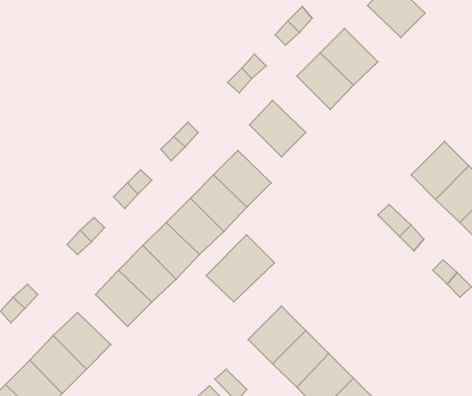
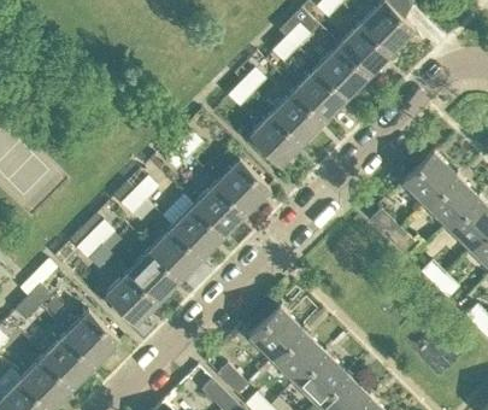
building: none -> [339,24,392,77]
building: none -> [271,90,325,144]
building: [206,235,274,302] -> none

